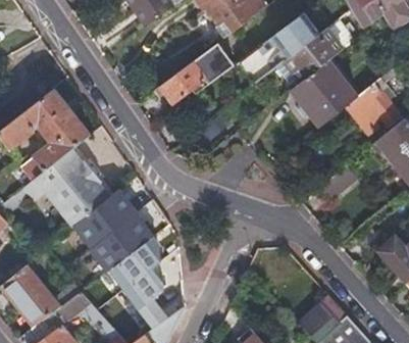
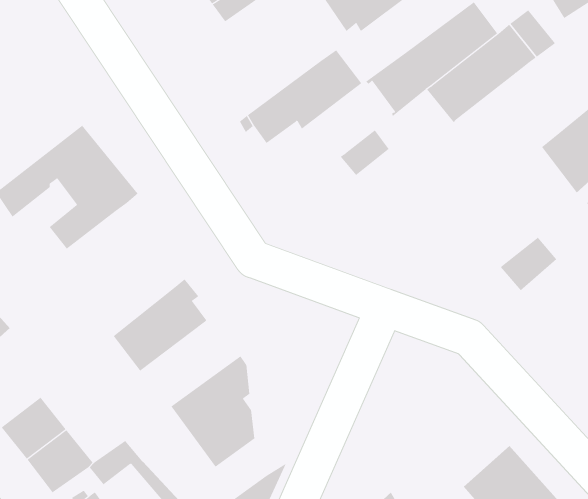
building: [293,59,358,127] -> none
building: [25,147,113,227] -> none
building: [90,217,156,274] -> none

